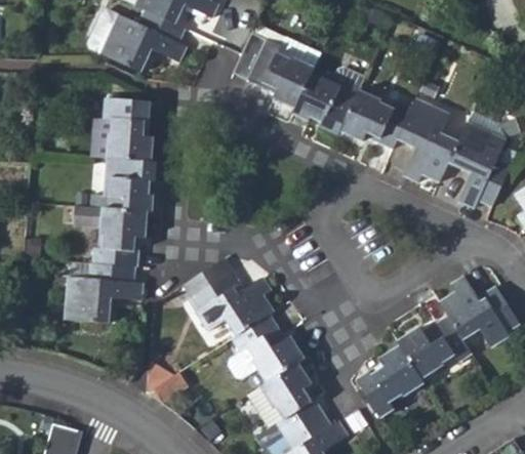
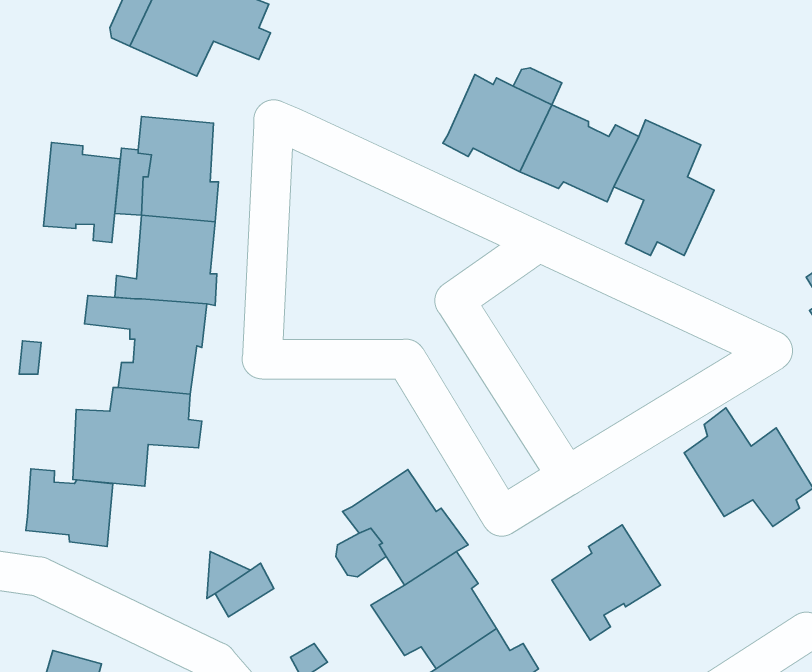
building: [232,31,320,108] -> none
building: [447,110,511,207] -> none
building: none -> [43,143,120,243]
building: [189,259,291,335] -> none
building: none -> [26,469,113,547]
building: [398,316,472,380] -> none

